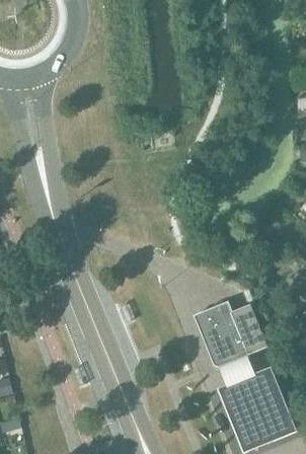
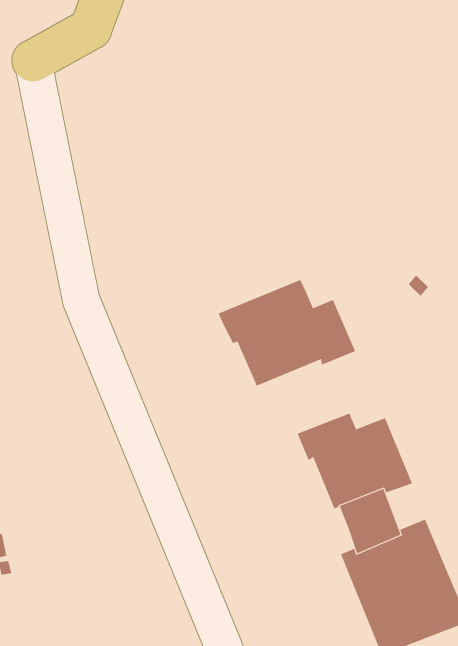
building: none -> [218,279,356,387]

